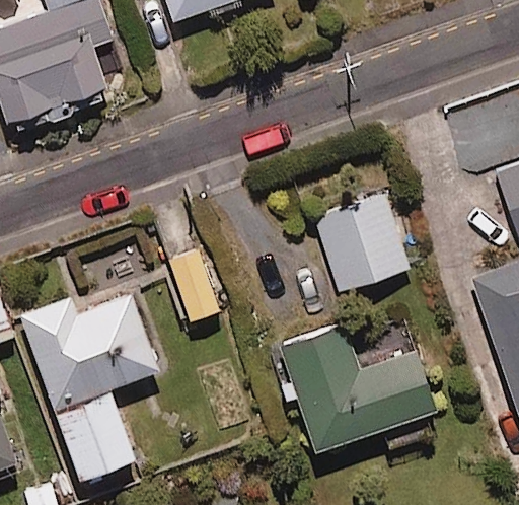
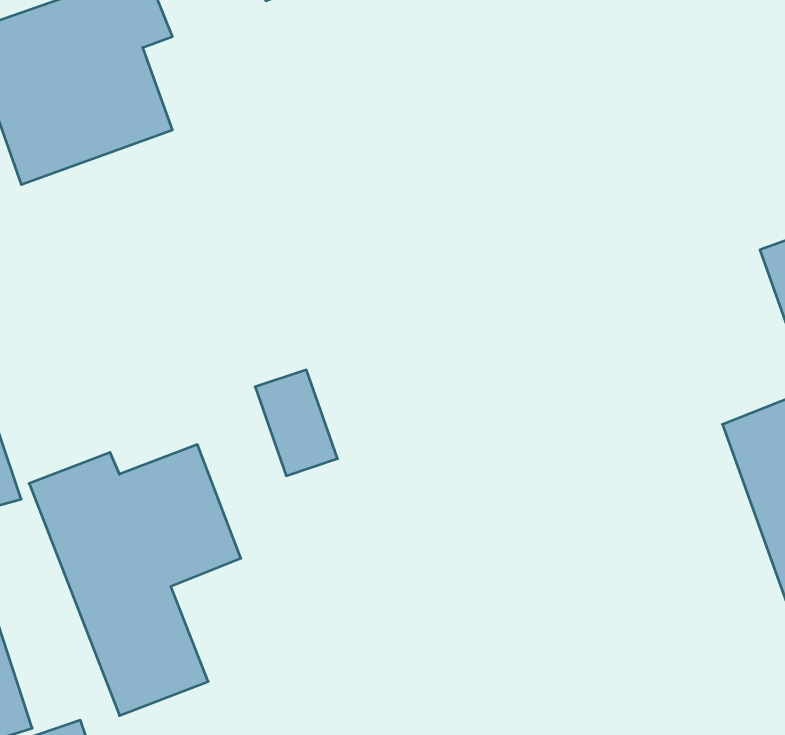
building: [316,196,411,291] -> none
building: [278,315,437,445] -> none

